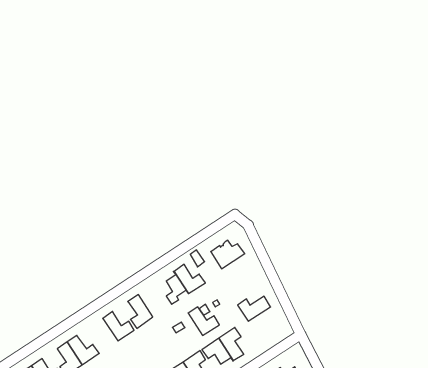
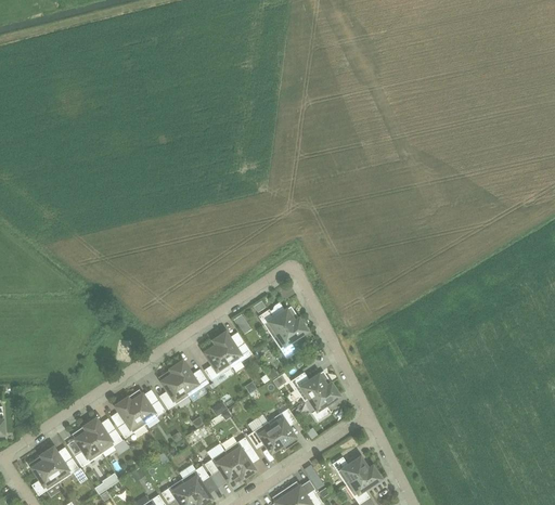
building: none -> [271,318,307,355]
building: [188,307,219,335] -> [170,360,208,394]
building: none -> [304,383,339,420]
building: none -> [115,397,145,437]

